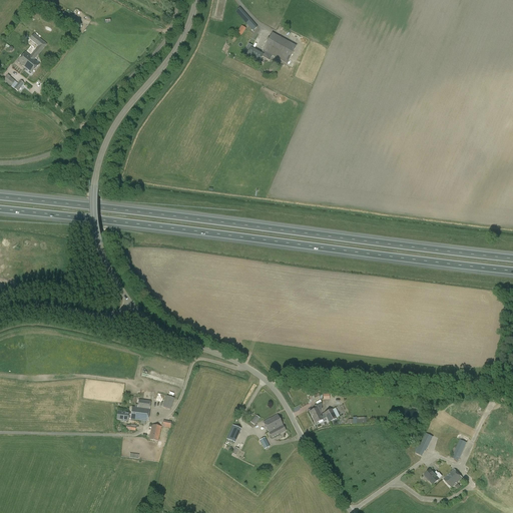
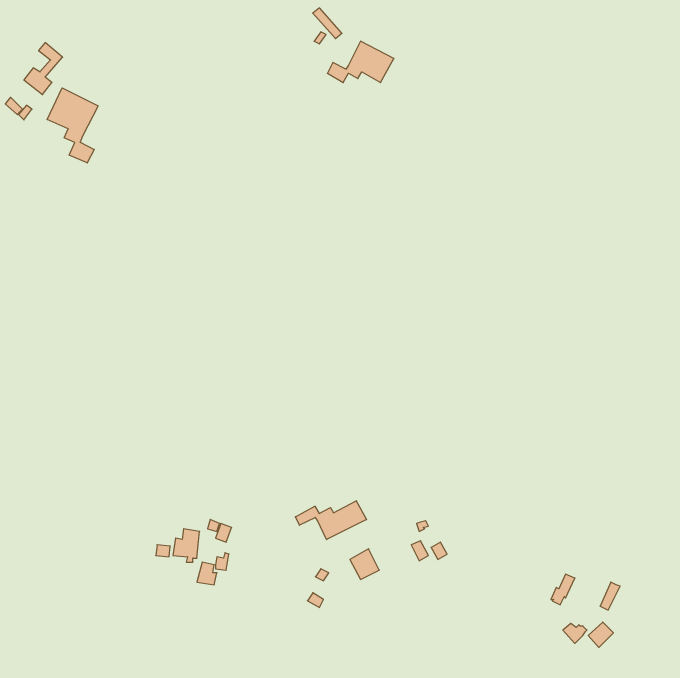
building: none -> [47,88,98,163]
building: none -> [295,501,367,540]

